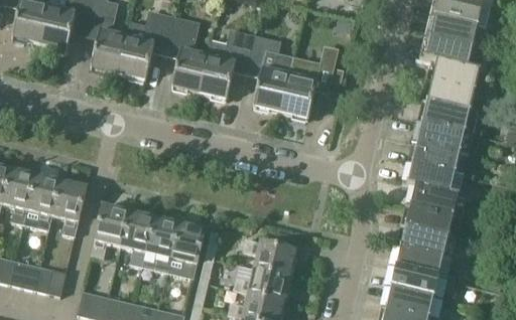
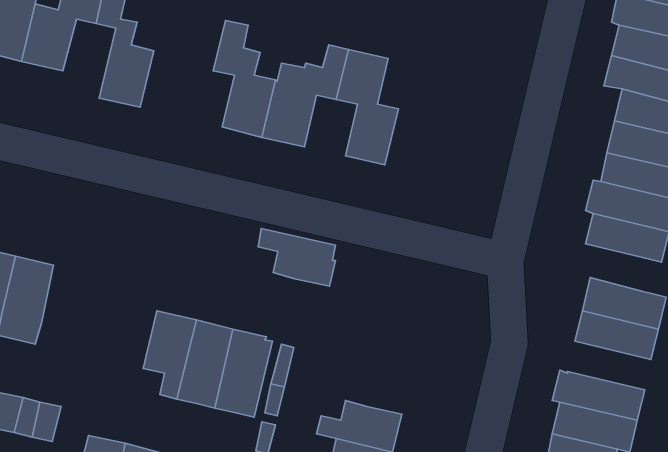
building: [116,12,172,81] -> none
building: [278,51,335,119] -> none
building: [406,164,462,197] -> none
building: [50,178,85,236] -> none
building: [91,204,127,258] -> none
building: [399,228,455,261] -> none
building: [242,238,293,277] -> [258,229,336,286]

